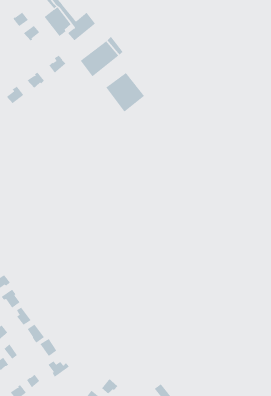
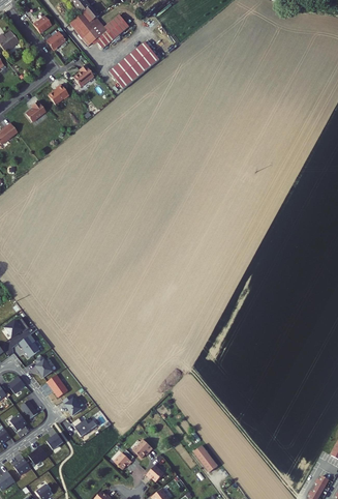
building: [105,72,145,112] -> none

